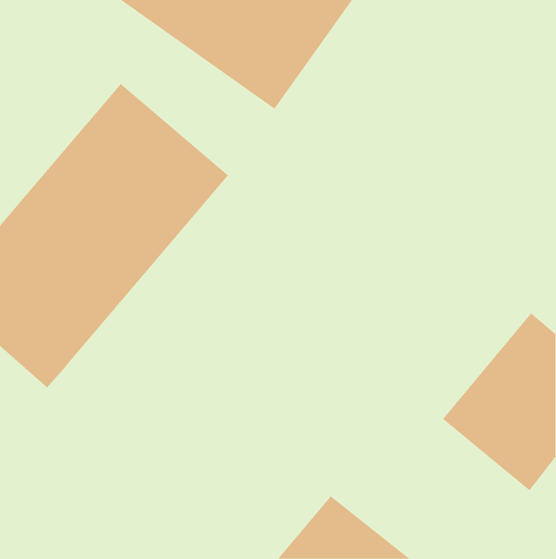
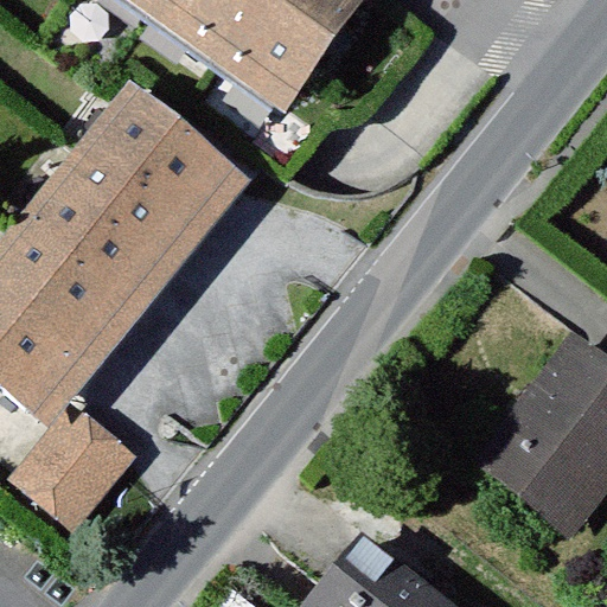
building: none -> [5,397,130,524]

